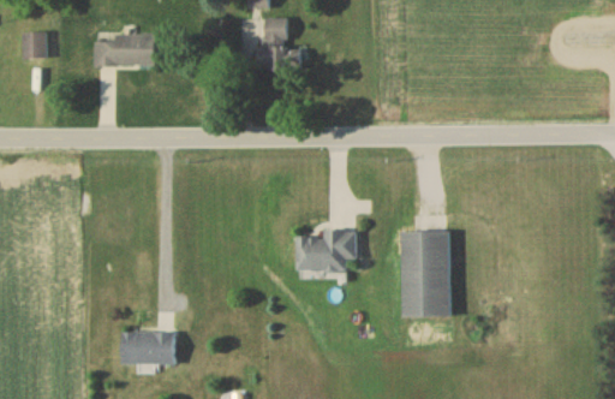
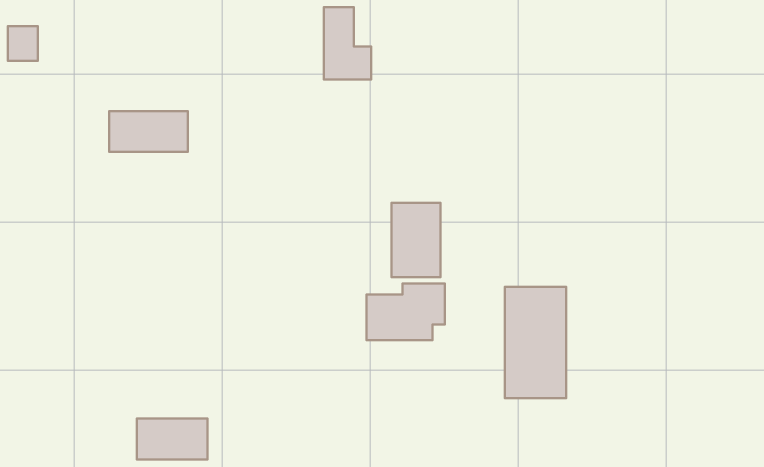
building: [95,34,155,65] -> [109,111,188,152]
building: none -> [391,203,441,277]

